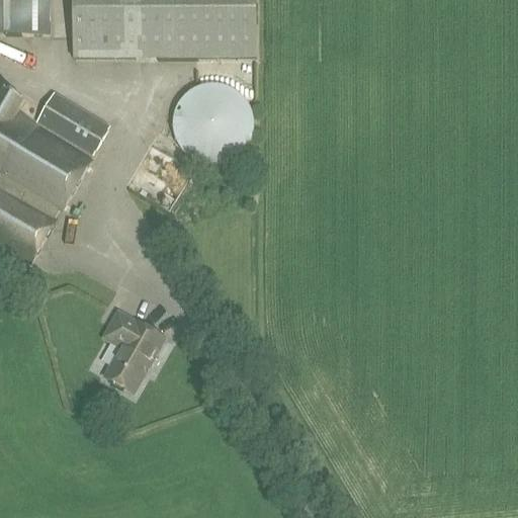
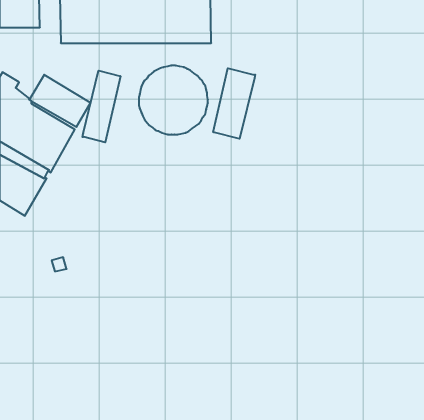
building: none -> [213,68,255,139]
building: none -> [82,71,120,142]
building: [103,310,165,392] -> none

